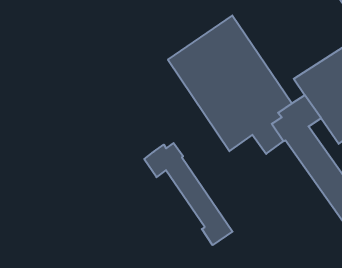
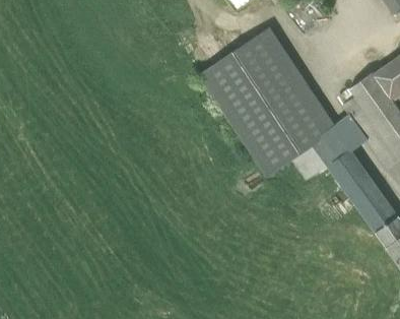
building: [144,143,233,245] -> none

